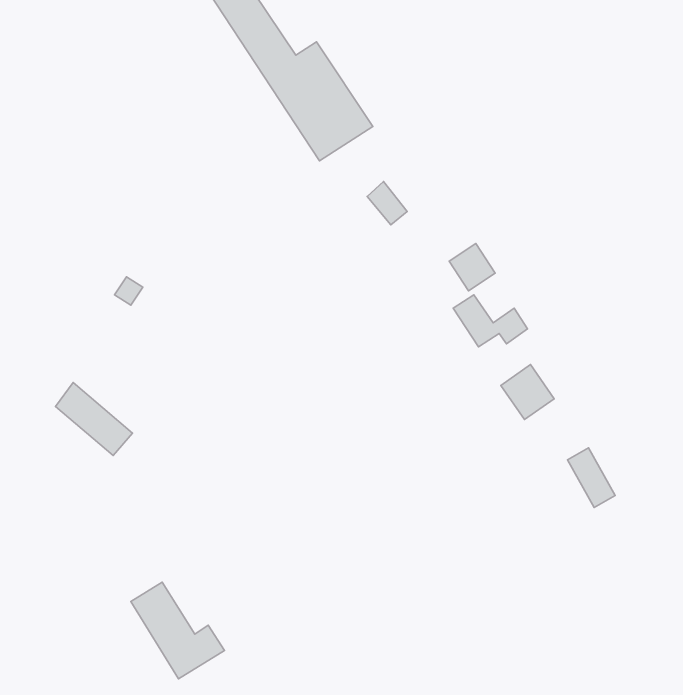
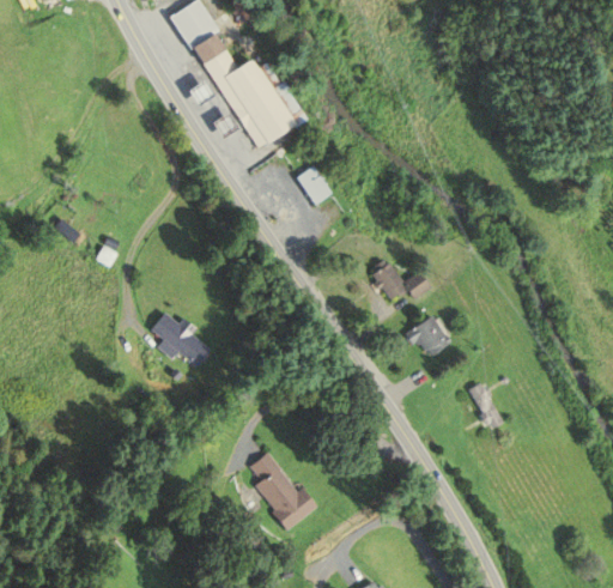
building: [449,244,495,291] -> none
building: [55,383,133,455] -> [154,309,217,368]
building: [131,582,224,679] -> [244,451,320,529]

